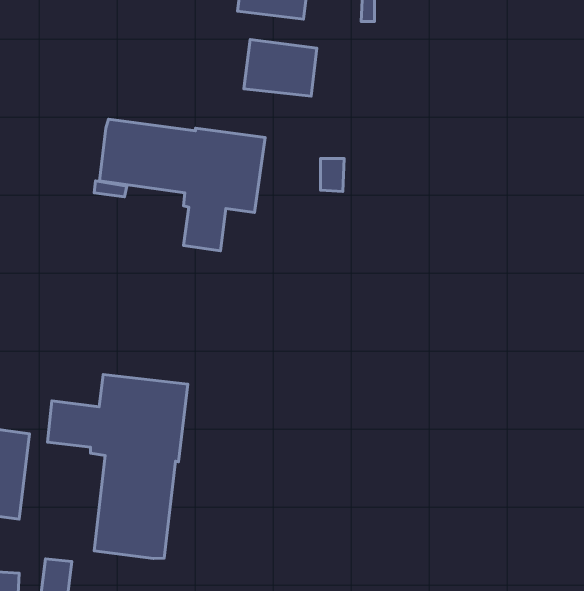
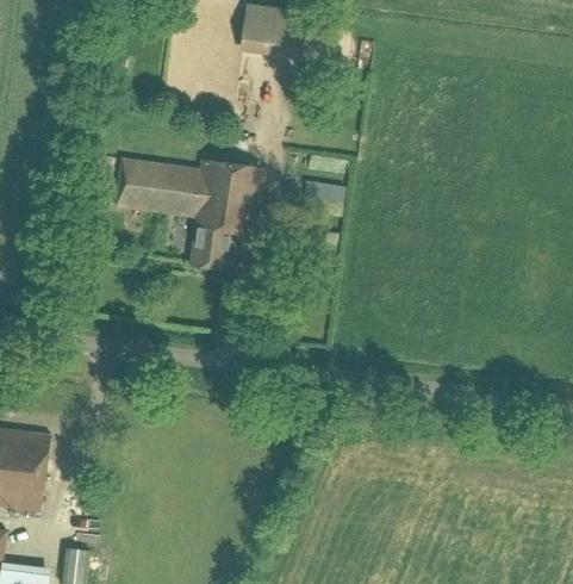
building: [244,40,317,96] -> none
building: [47,375,188,559] -> none

